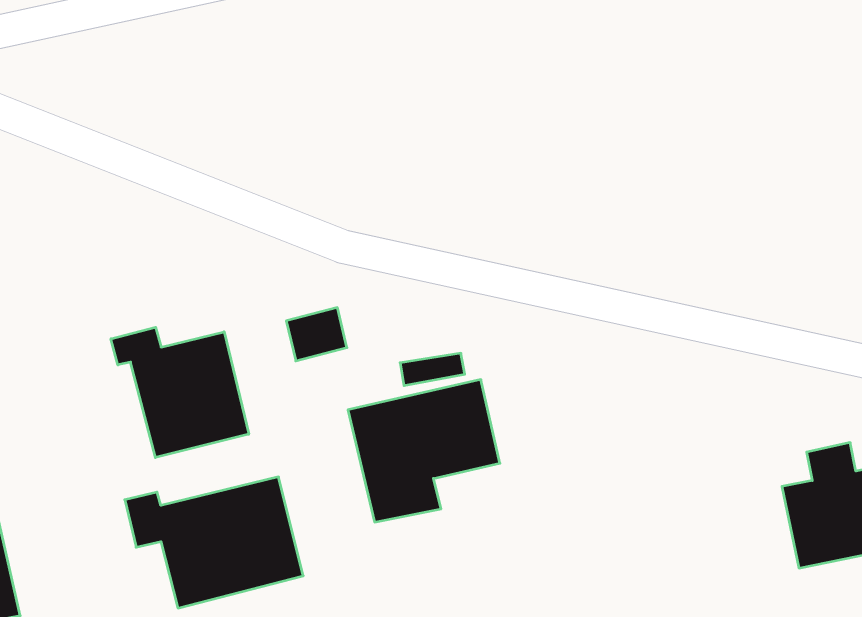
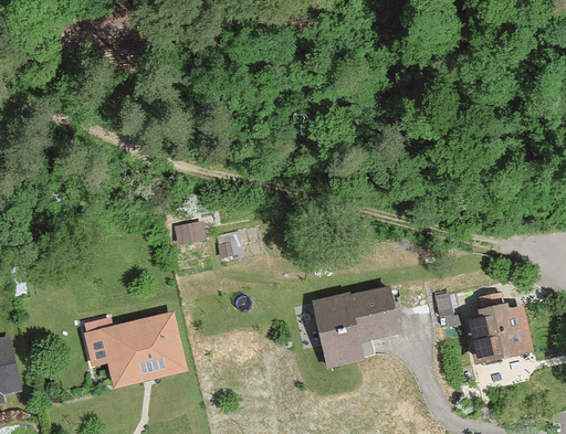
building: [111,327,249,458] -> none
building: [348,380,500,522] -> [312,285,400,368]

